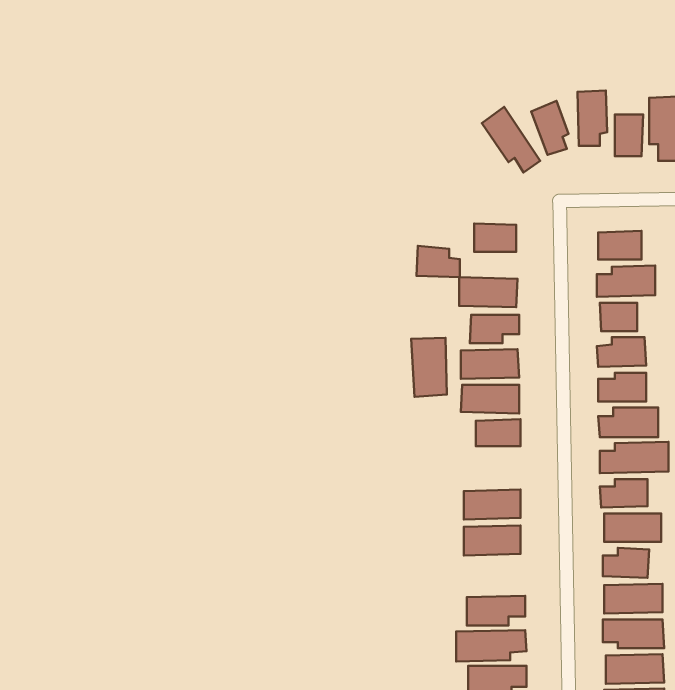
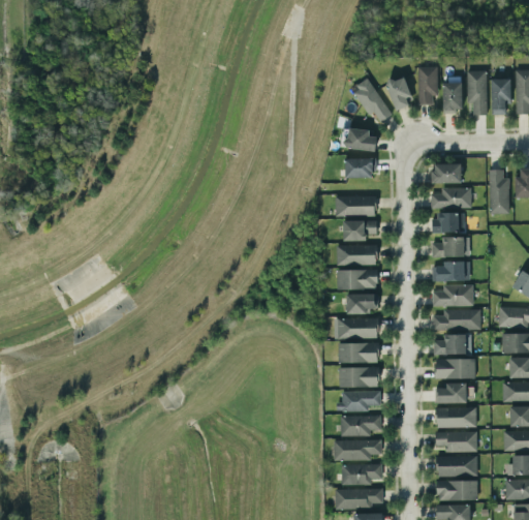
building: [416,246,460,277] -> [346,128,376,150]
building: [411,338,447,397] -> none
building: none -> [338,318,378,339]
building: none -> [337,391,380,411]

